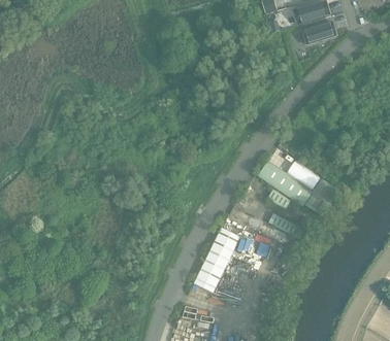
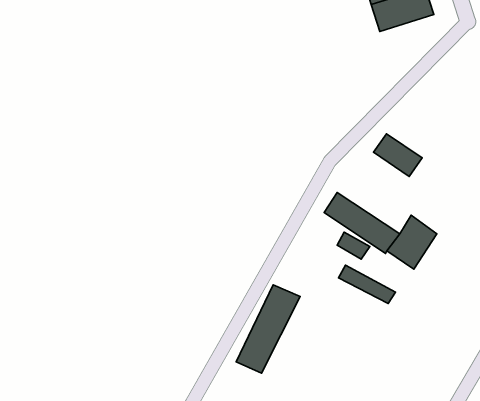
building: [285,158,320,189] -> [374,134,422,176]

